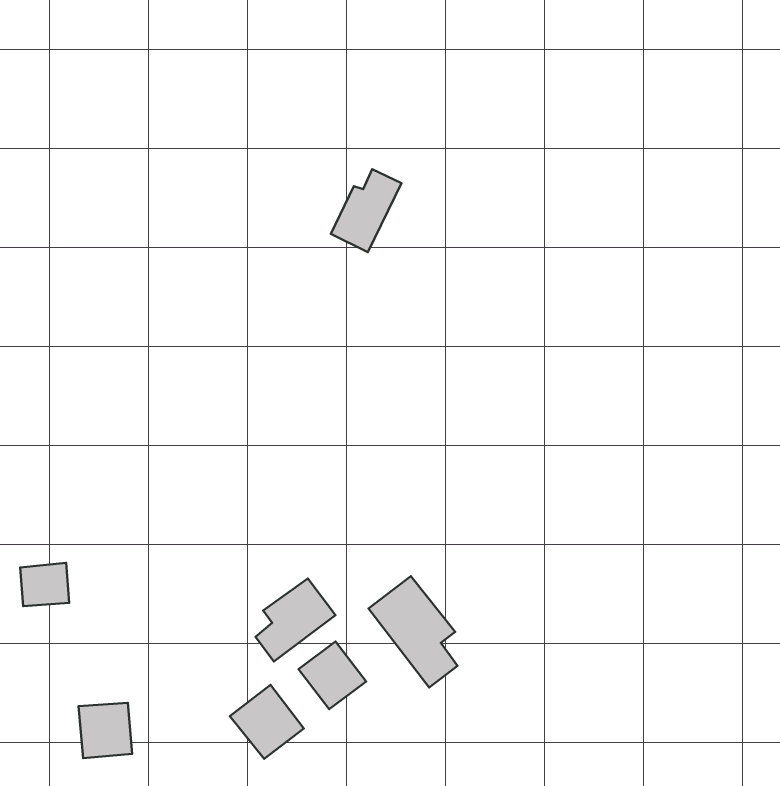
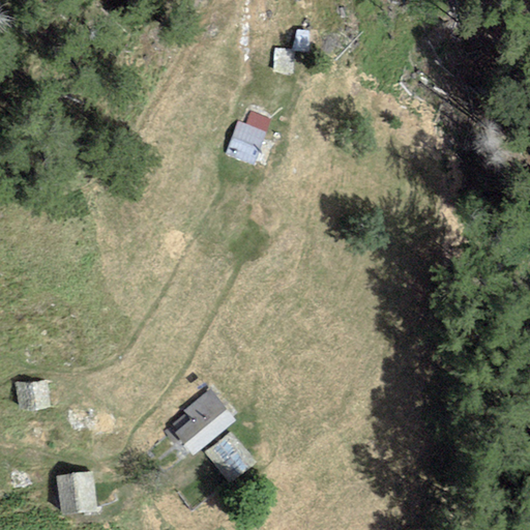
building: [369,576,457,687] -> none
building: [230,685,304,759] -> none

